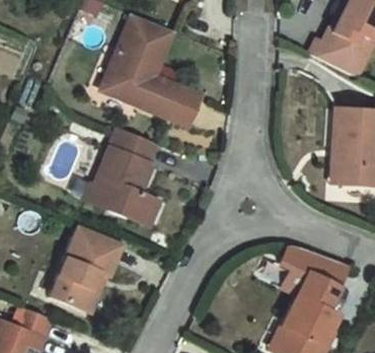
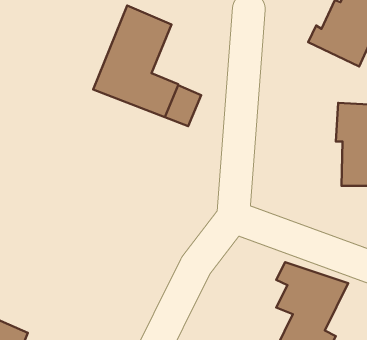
building: [85,132,159,225] -> none
building: [46,220,121,308] -> none

